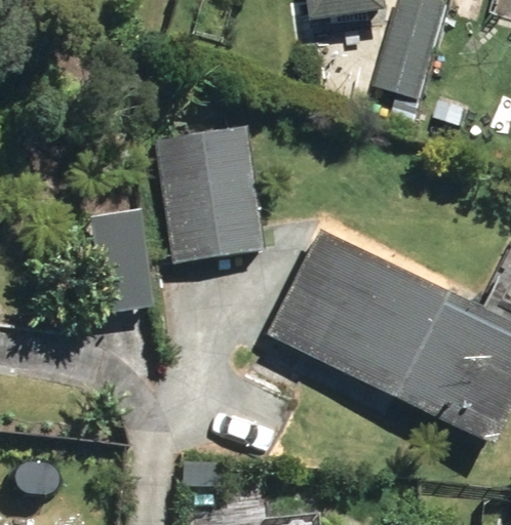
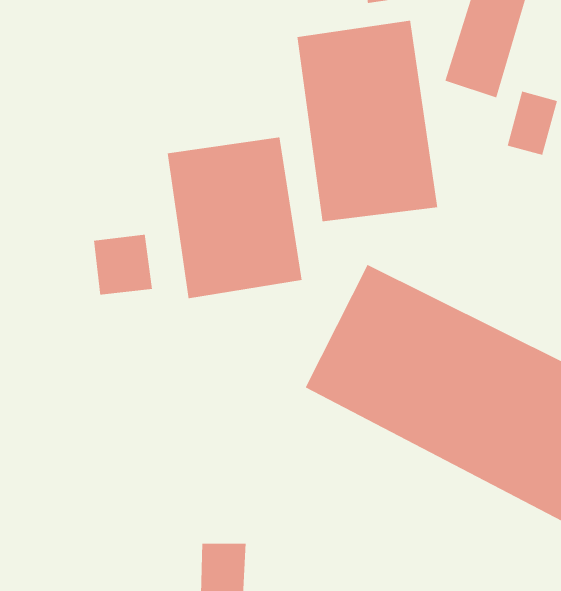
building: none -> [297,20,438,222]

